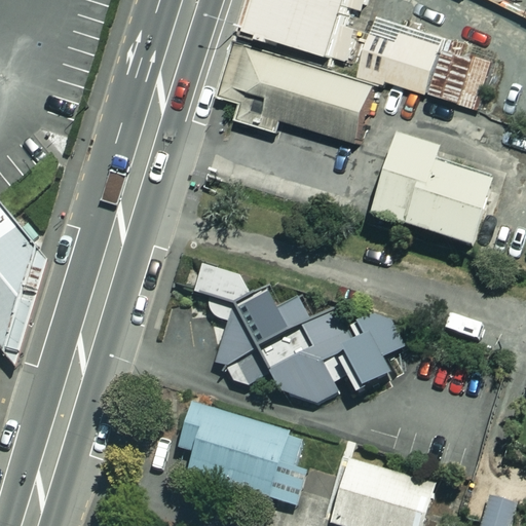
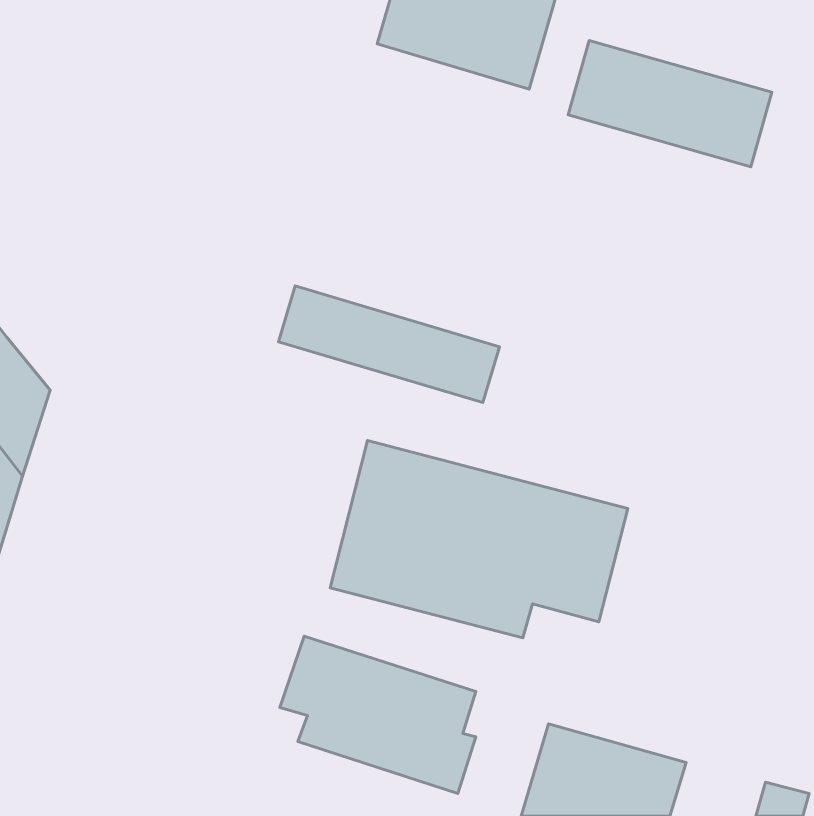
building: [214,42,372,141] -> none
building: [369,150,488,248] -> none
building: none -> [279,286,499,402]

